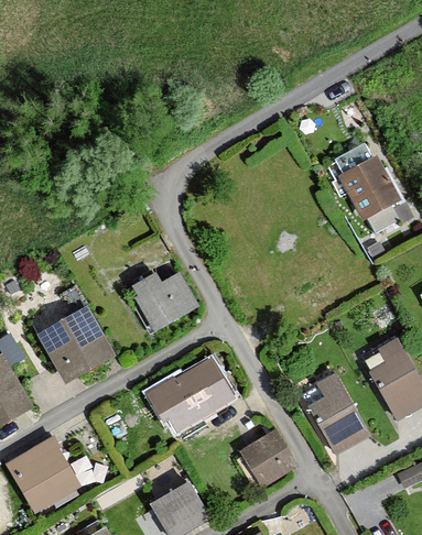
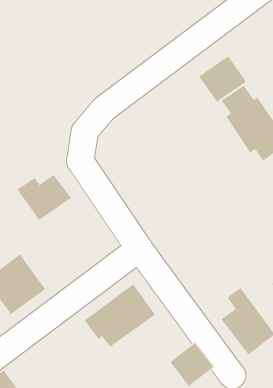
building: none -> [198,55,247,103]
building: [131,274,194,326] -> [16,174,72,221]

